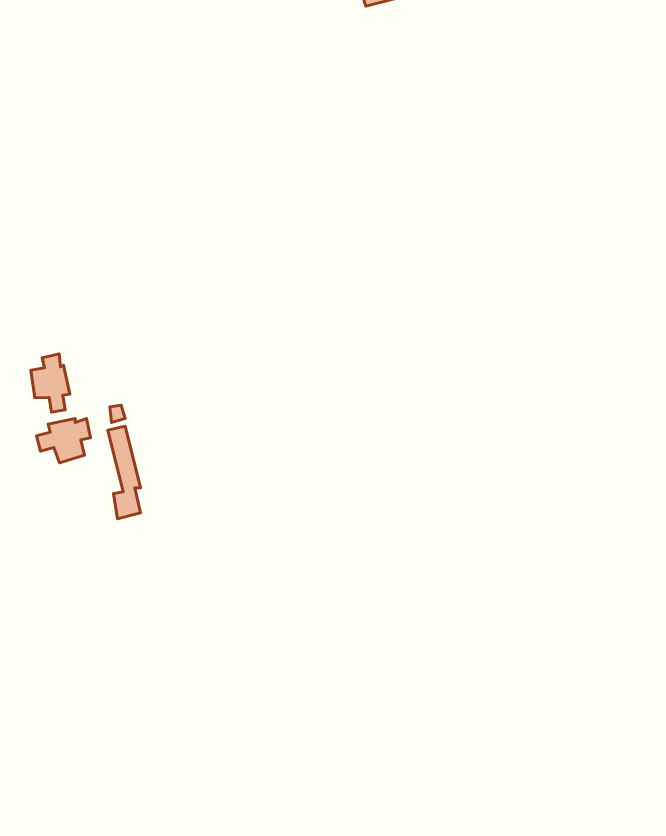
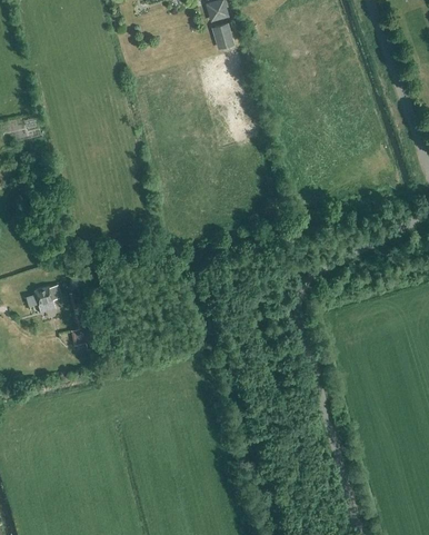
building: [31,354,70,412] -> none

